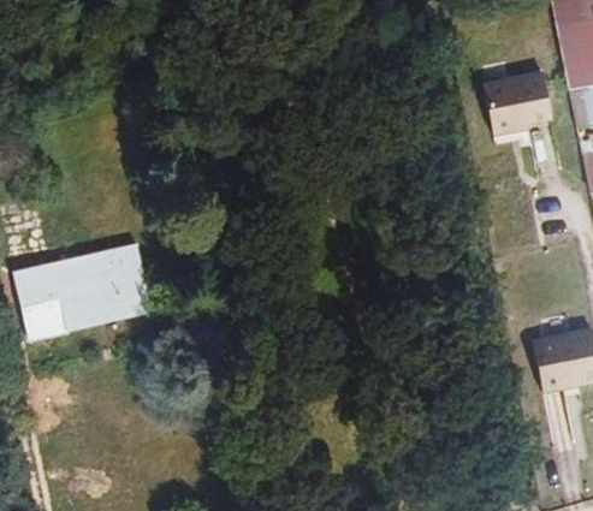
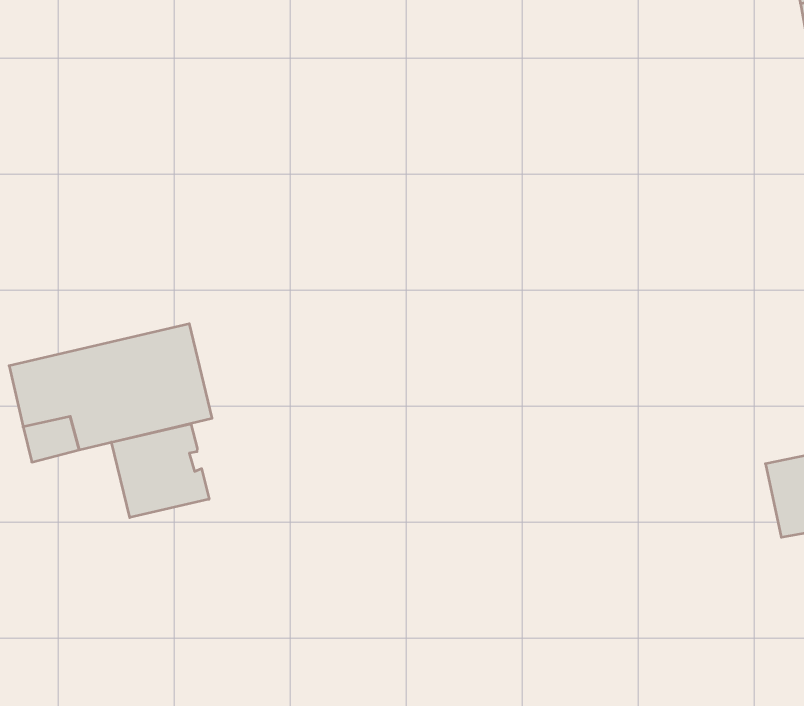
building: [486,77,552,137] -> none
building: none -> [111,424,209,518]

